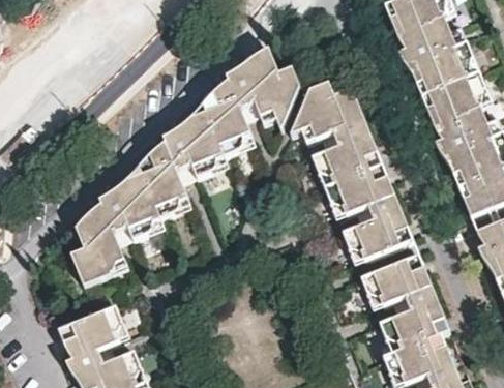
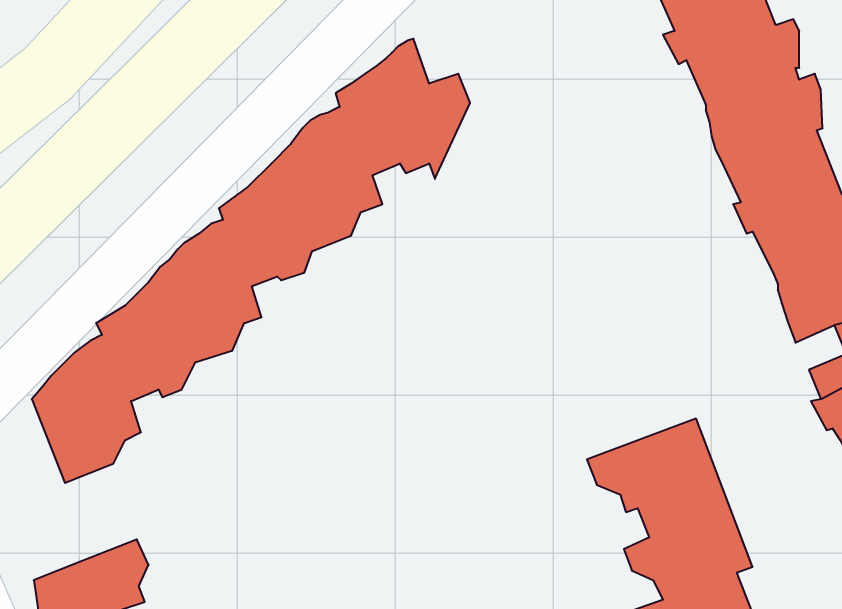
building: [290,84,413,258] -> none

